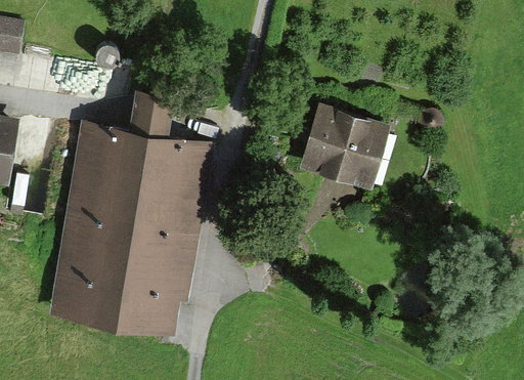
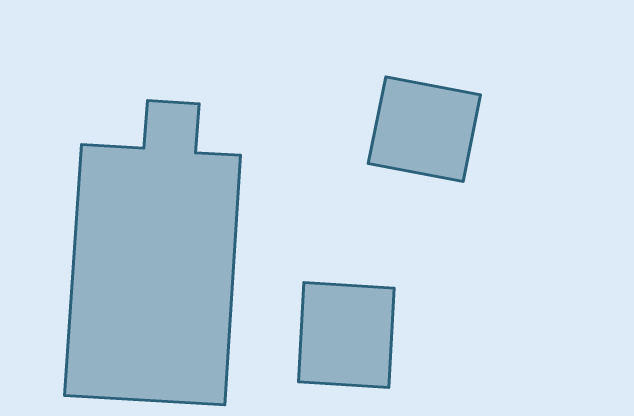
building: none -> [298,283,394,388]

